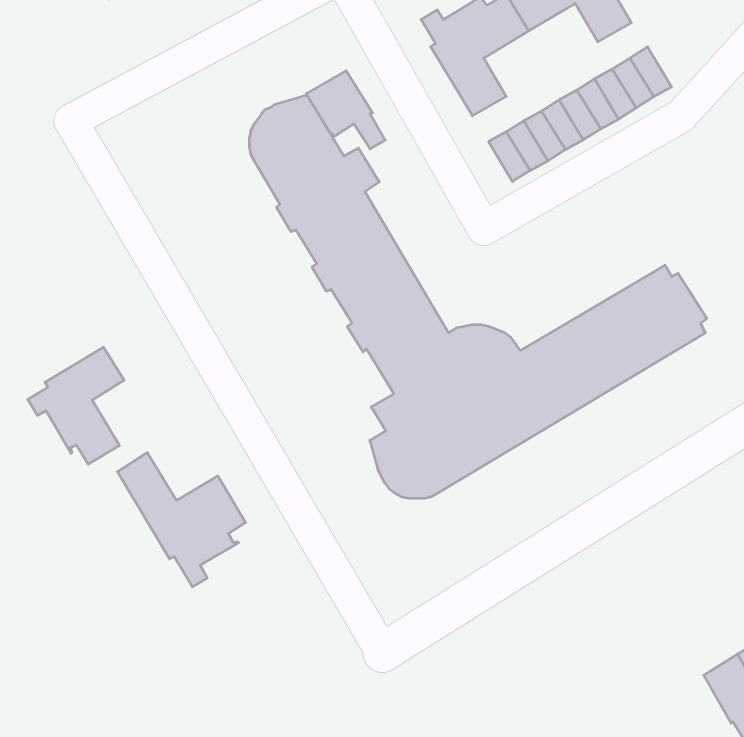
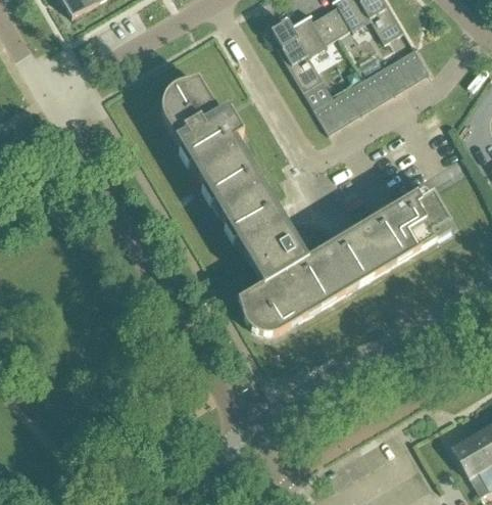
building: [306,71,385,149] -> none
building: [28,347,124,464] -> none
building: [117,453,246,587] -> none

